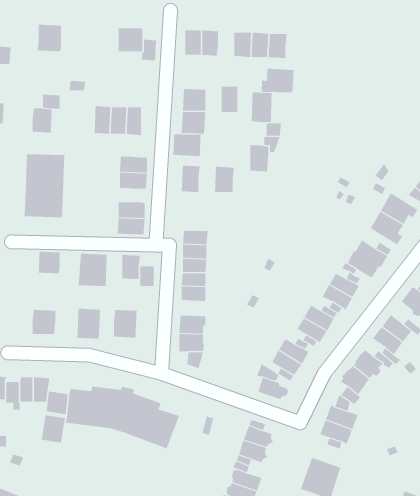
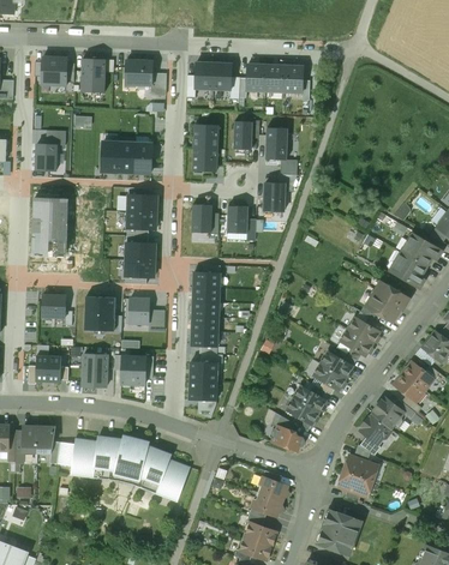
building: none -> [82,59,106,92]
building: [261,68,294,93] -> none
building: [173,134,201,157] -> none
building: [41,414,65,443] -> none

